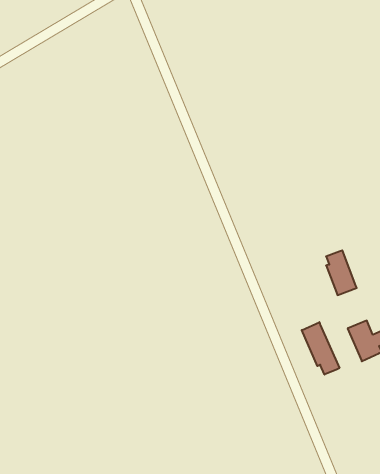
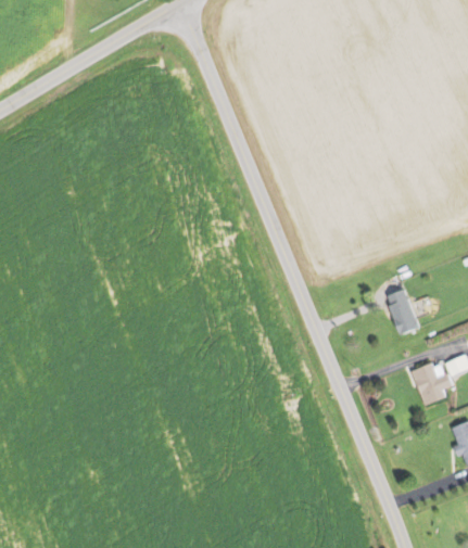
building: [302,322,339,375] -> none

